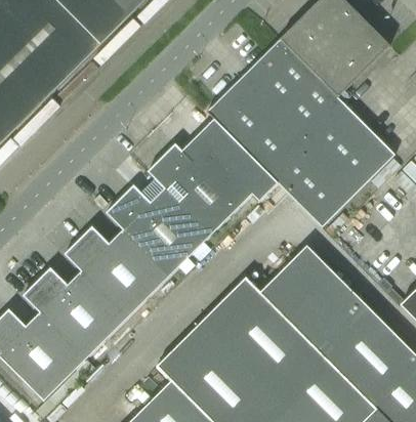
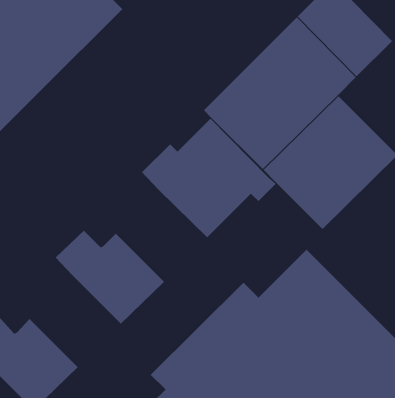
building: [105,185,210,278] -> none
building: [22,268,127,360] -> none

